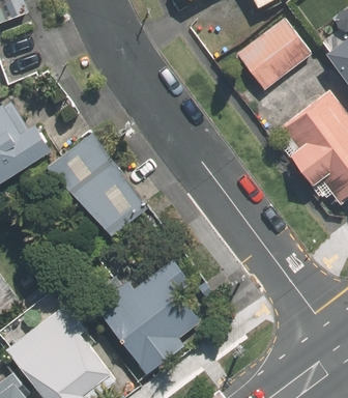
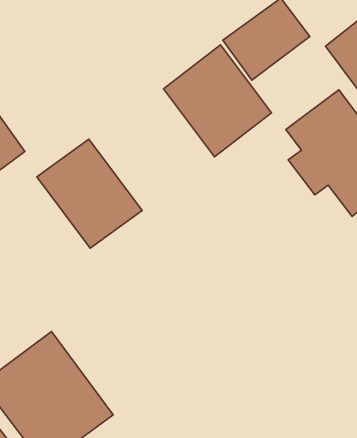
building: none -> [164,45,272,157]
building: [100,263,203,366] -> none

